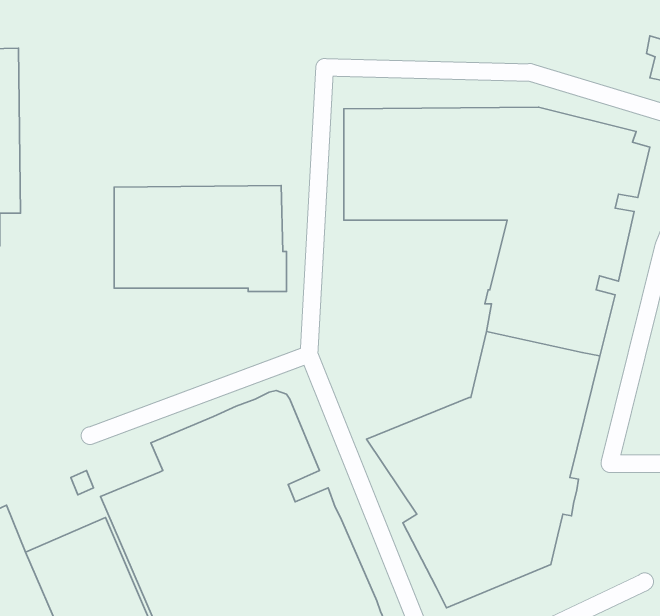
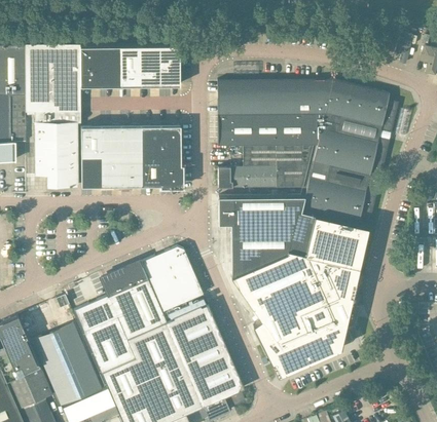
building: none -> [25,45,180,187]
building: none -> [218,147,314,189]
building: none -> [218,196,304,276]

